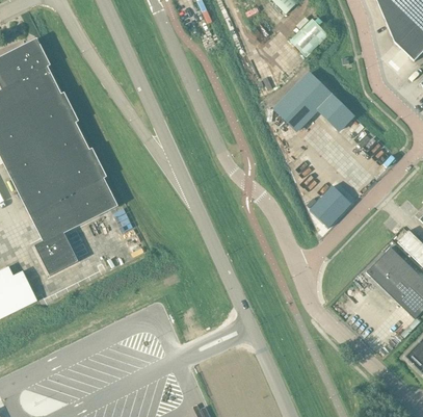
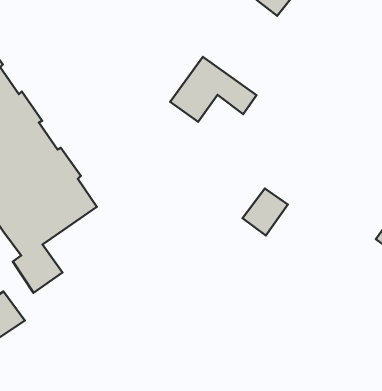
building: [273,73,352,131] -> [170,57,256,122]
building: [309,185,351,228] -> [243,188,288,235]

